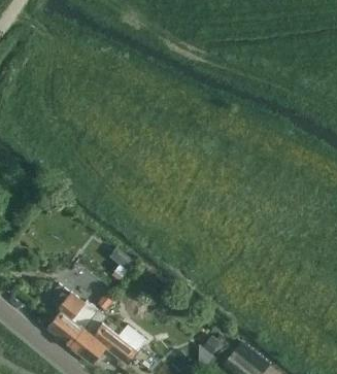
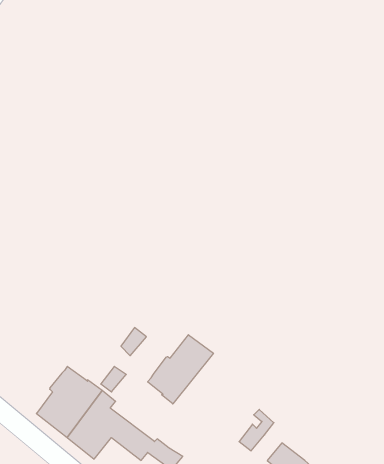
building: none -> [148,335,213,404]

